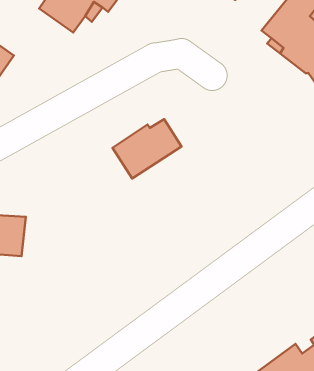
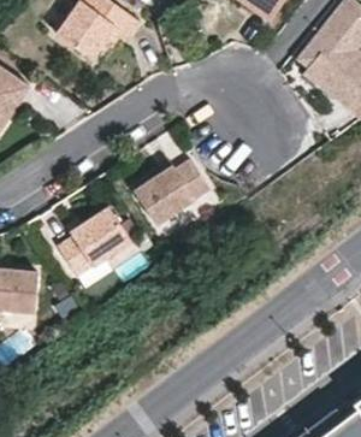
building: none -> [59,205,132,273]

